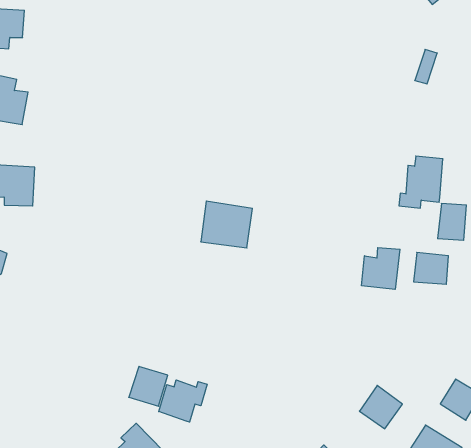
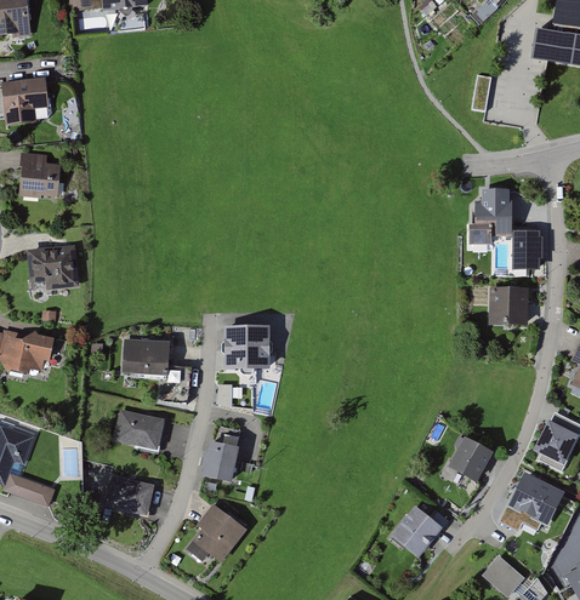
building: [201,201,252,248] -> [224,326,275,371]
building: [362,248,400,289] -> none
building: none -> [121,339,171,373]
building: none -> [113,408,165,450]
building: [159,380,207,422] -> none
building: none -> [103,473,155,515]

